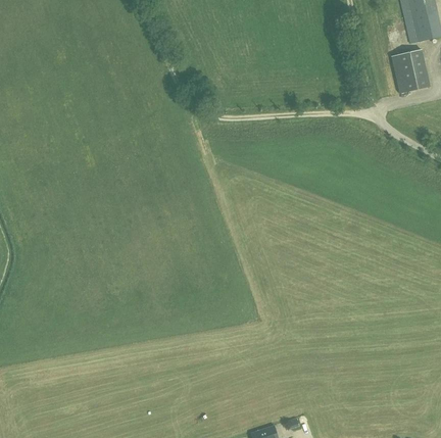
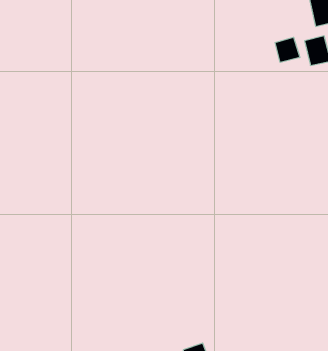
building: none -> [275,37,300,62]

